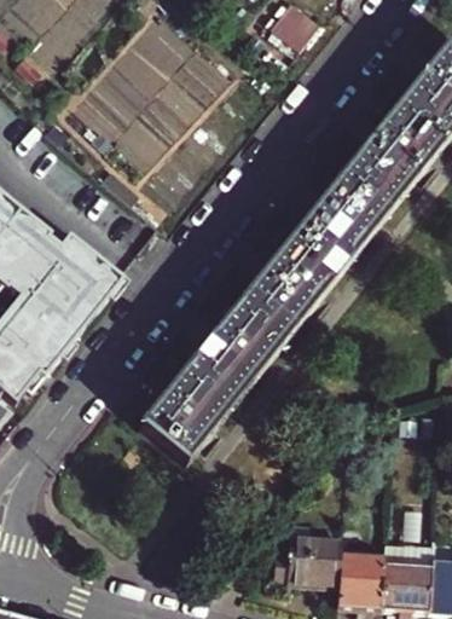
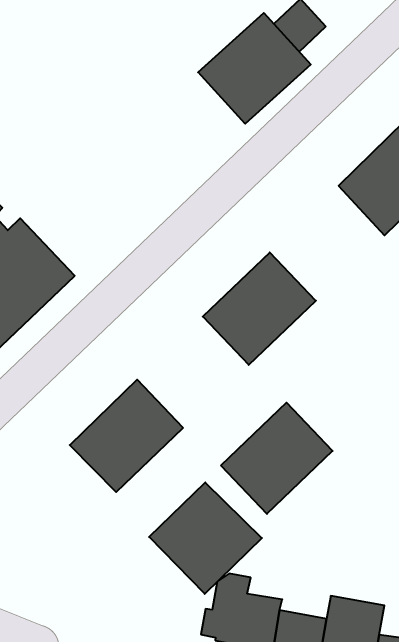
building: none -> [198,13,311,124]
building: [292,170,392,274] -> none
building: [190,301,286,401] -> [221,403,333,514]
building: none -> [149,482,262,594]

